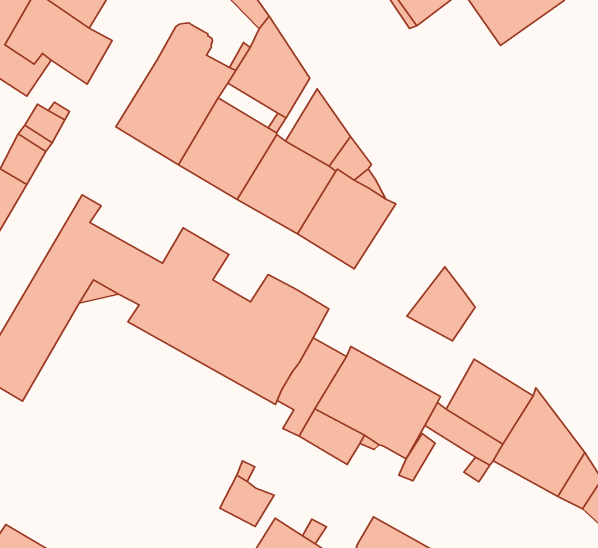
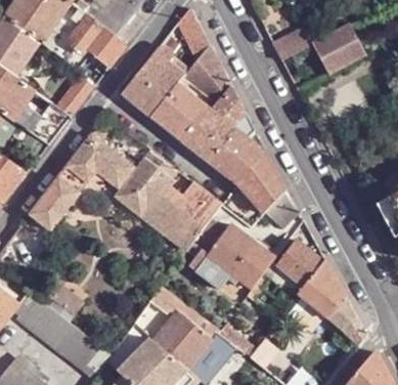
building: none -> [237,152,285,212]

